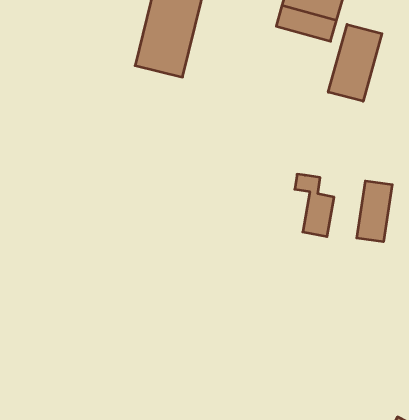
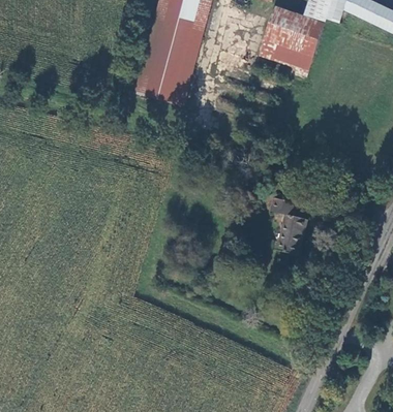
building: [328,24,382,101] -> none
building: [357,181,392,242] -> none

